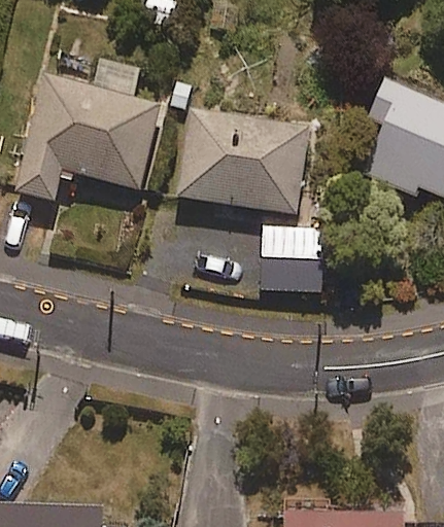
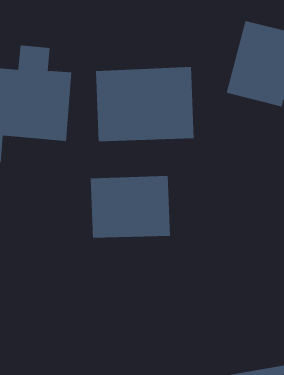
building: none -> [90,175,170,239]

